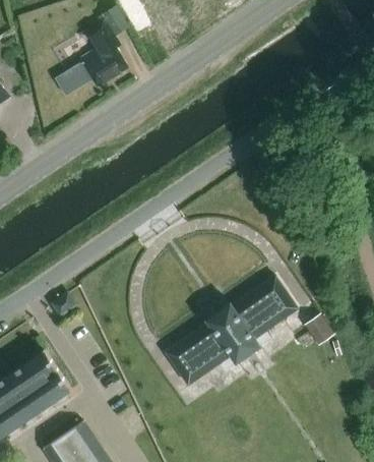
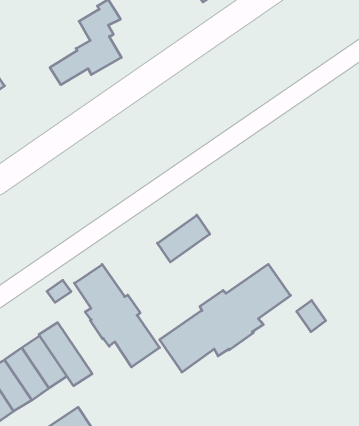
building: none -> [157,215,210,262]
building: none -> [74,264,160,367]
building: none -> [39,323,92,386]

